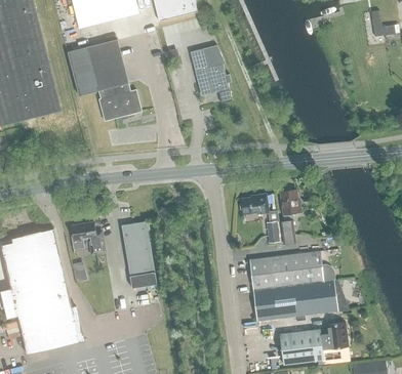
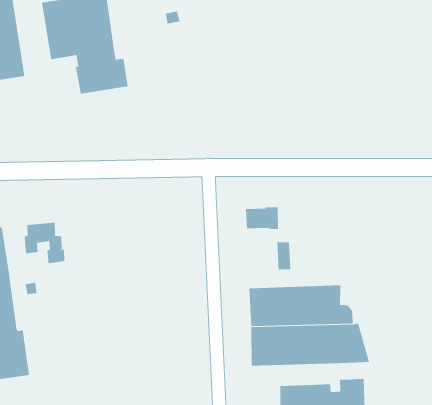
building: [189,44,231,102] -> none
building: [279,189,299,243] -> none
building: [120,220,156,288] -> none

